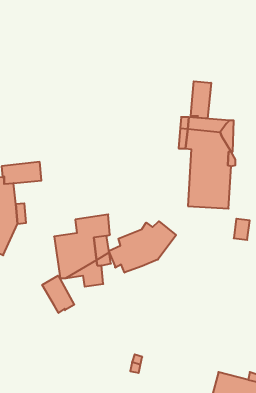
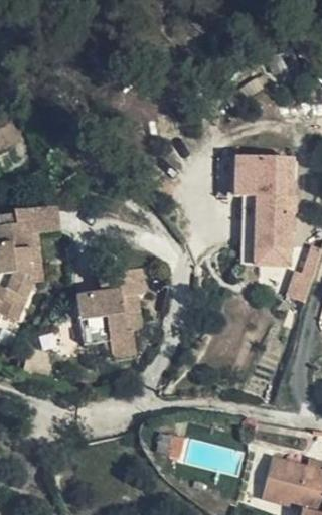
building: [191,81,211,118] -> none
building: [109,221,176,273] -> none
building: [42,276,74,313] -> none

